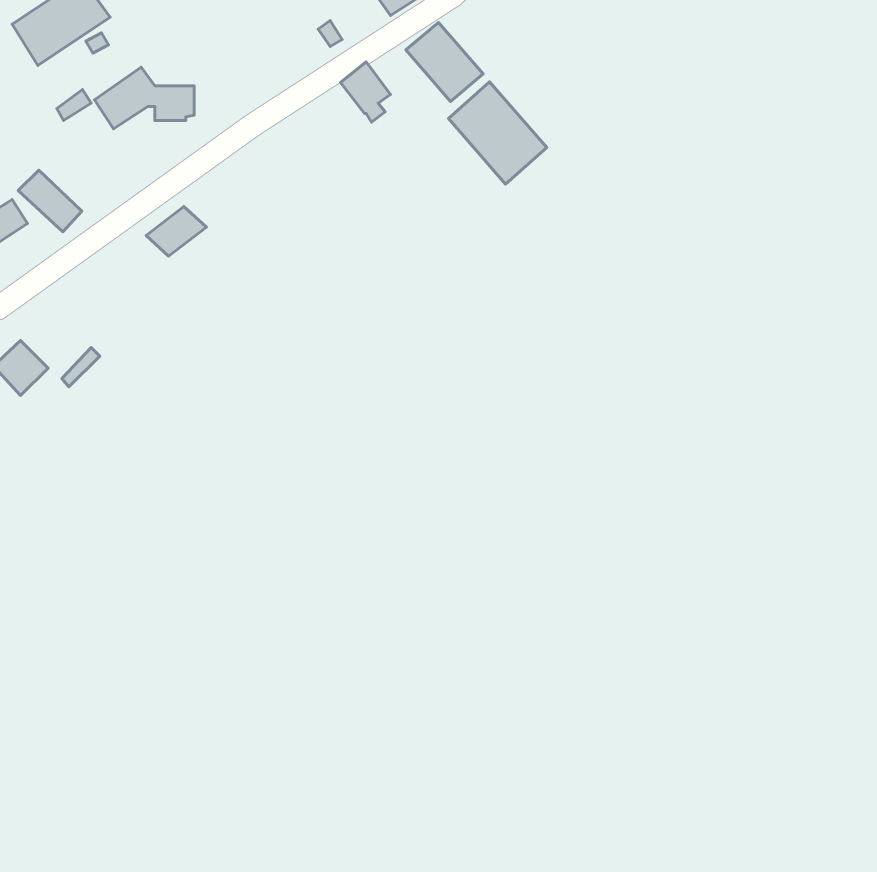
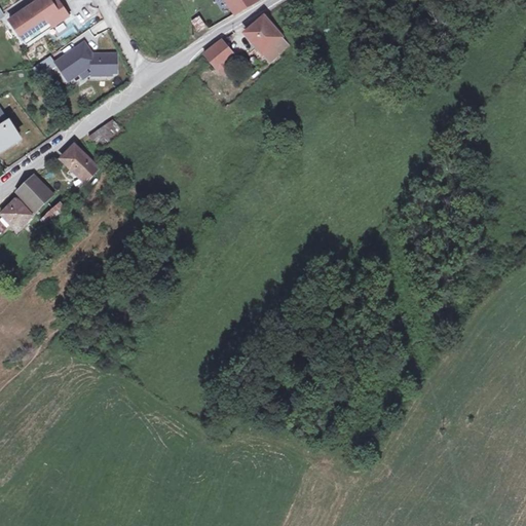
building: [449,82,547,184] -> none
building: [18,170,82,232] -> [59,149,97,186]
building: none -> [18,174,52,208]

